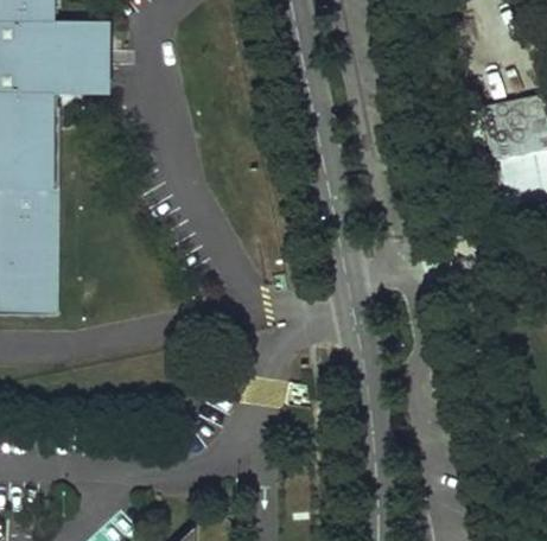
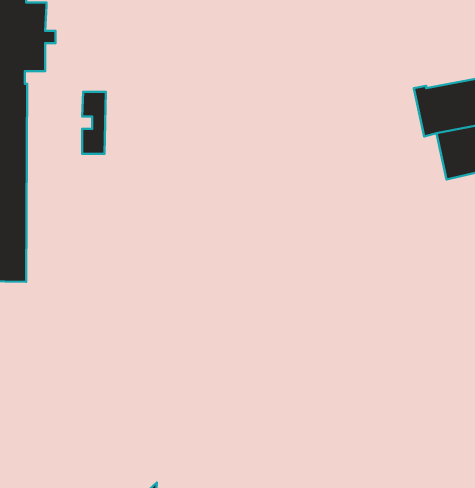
building: [77,25,102,90] -> [82,92,106,154]

